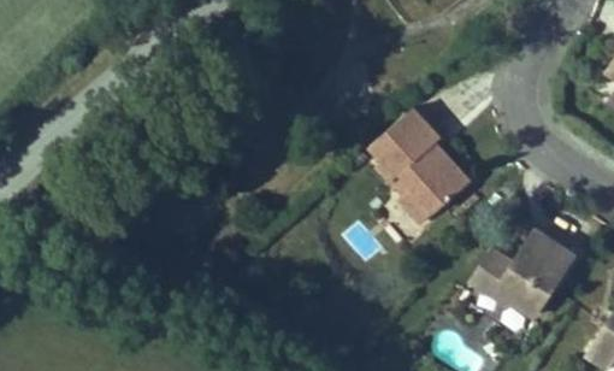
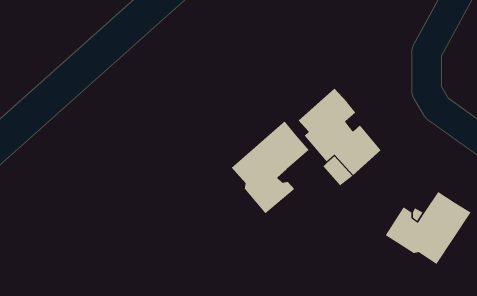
building: none -> [231,121,309,214]

